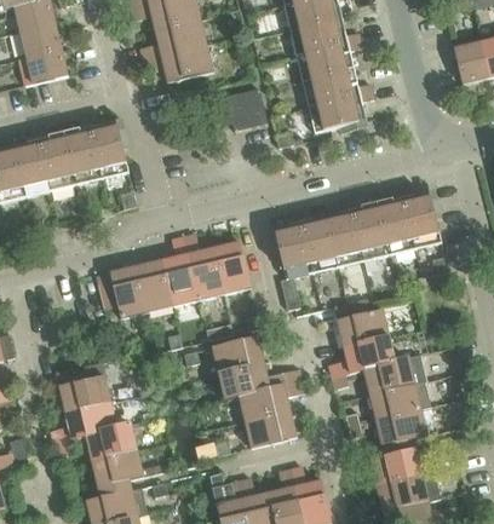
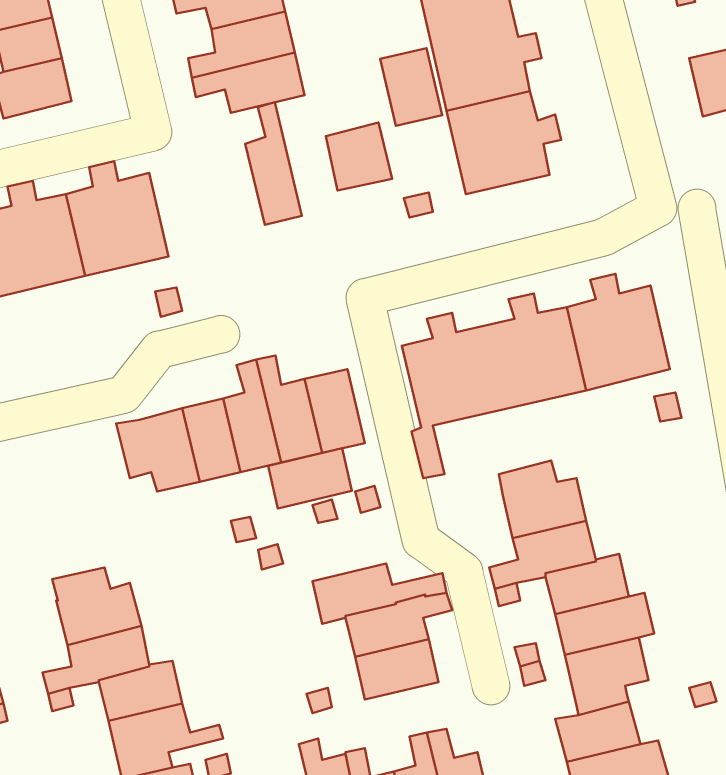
building: none -> [380,48,442,126]
building: none -> [245,102,302,225]
building: [212,335,264,373] -> [268,448,352,508]

